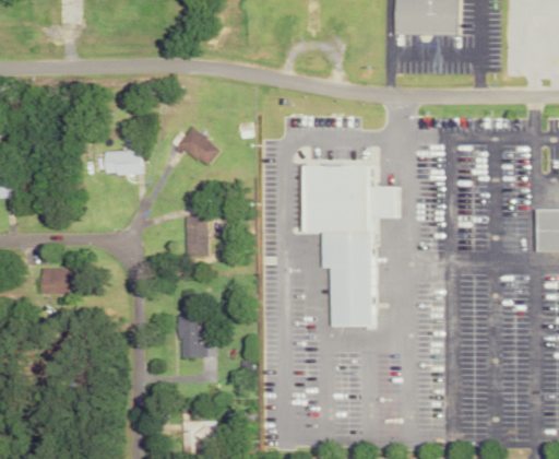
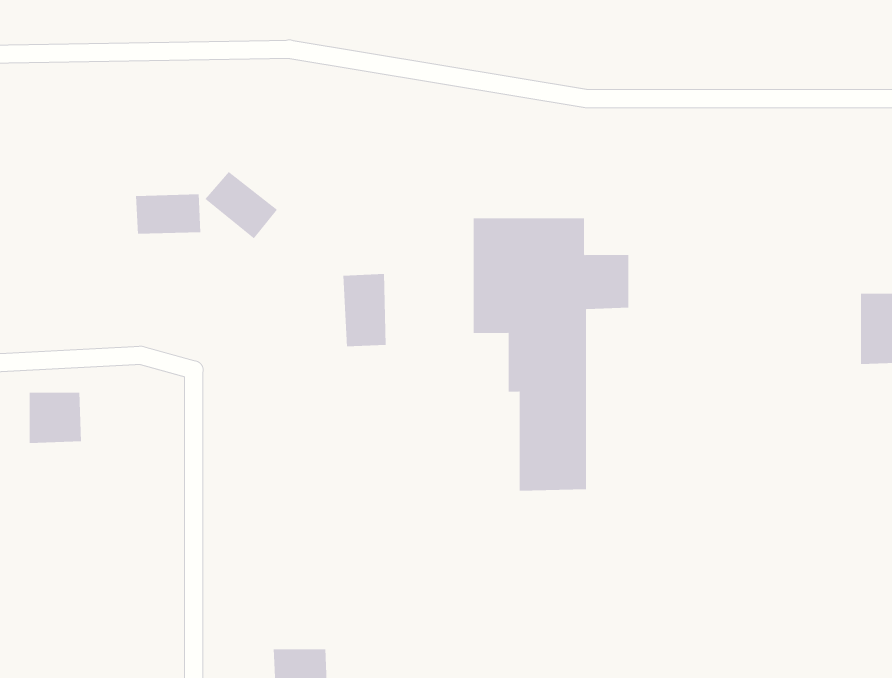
building: [178,127,222,167] -> [204,171,278,239]
building: [185,215,211,259] -> [343,274,387,347]
building: [180,307,211,360] -> none

